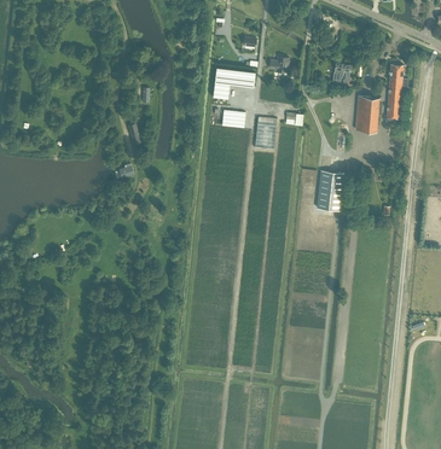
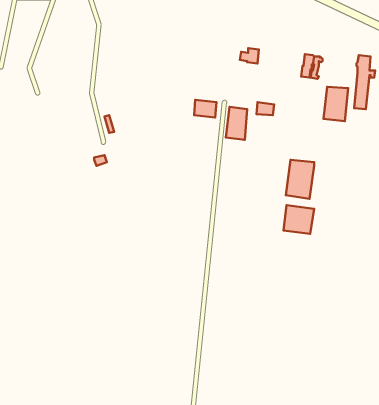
building: [213,68,255,98] -> none
building: none -> [283,205,314,234]

